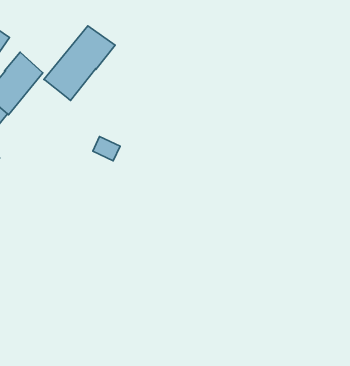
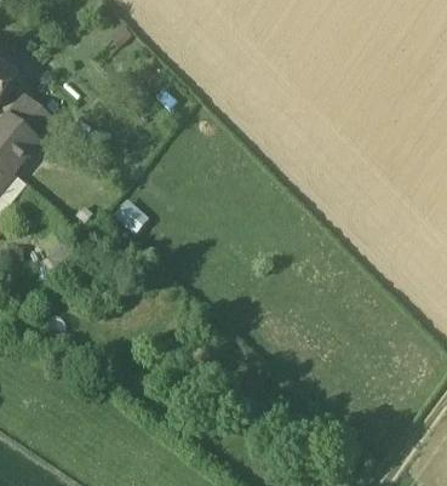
building: [44,26,115,100] -> none

